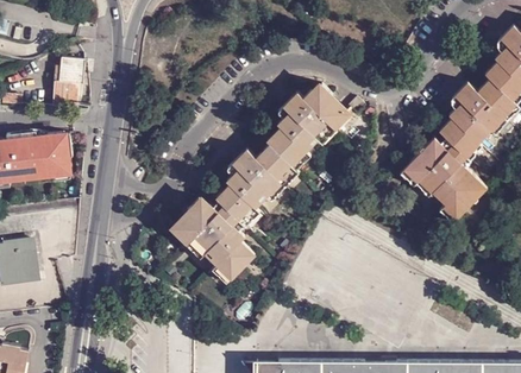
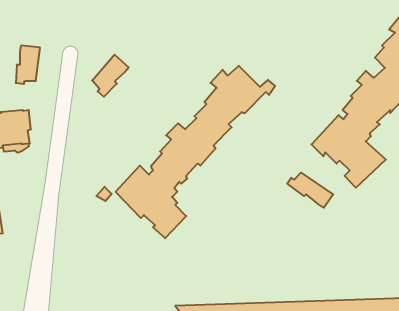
building: none -> [92,55,129,97]
building: none -> [287,173,333,208]

